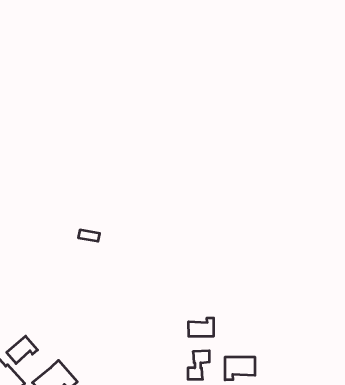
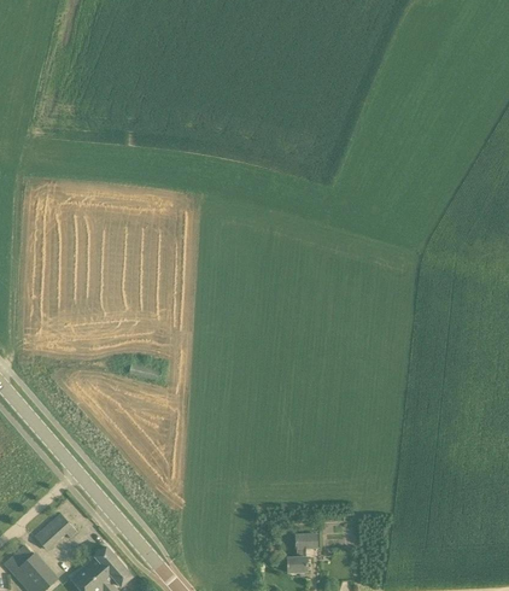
building: [189,318,214,336] -> none
building: [225,357,255,380] -> none

